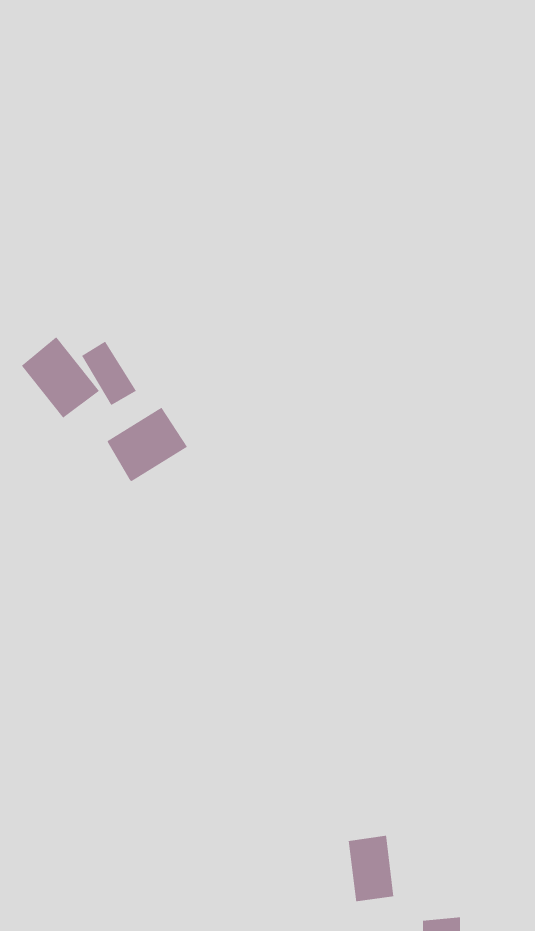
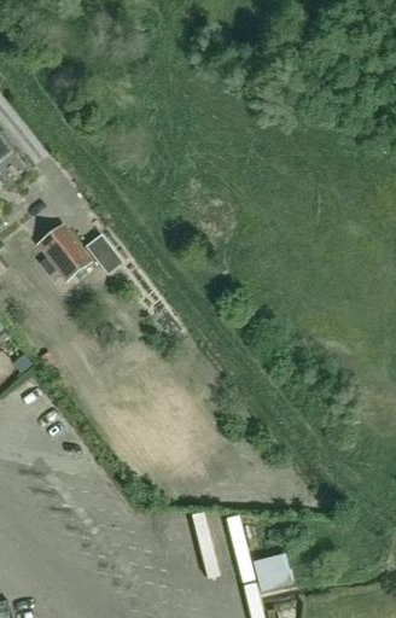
building: [105,407,188,482] -> none

